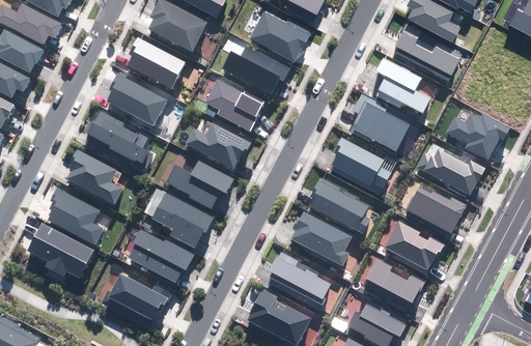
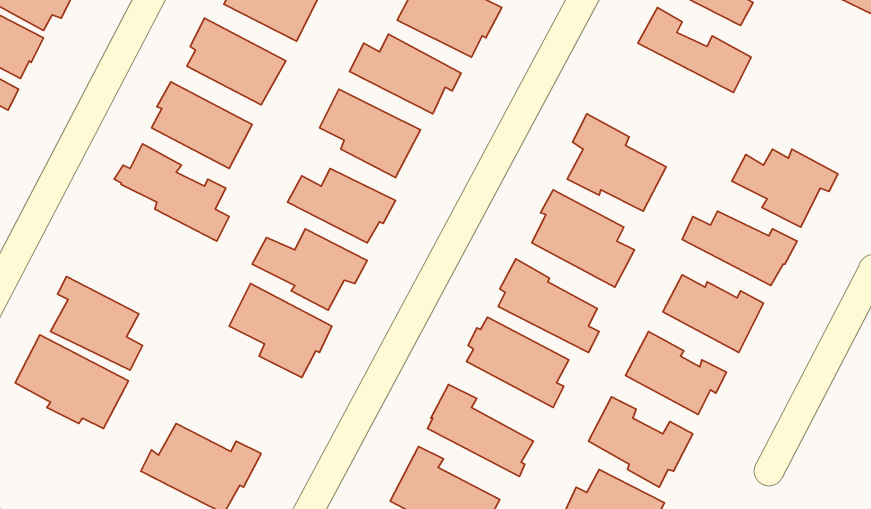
building: [375,58,429,112] -> none
building: [67,149,121,205] -> none
building: [127,230,194,283] -> none

